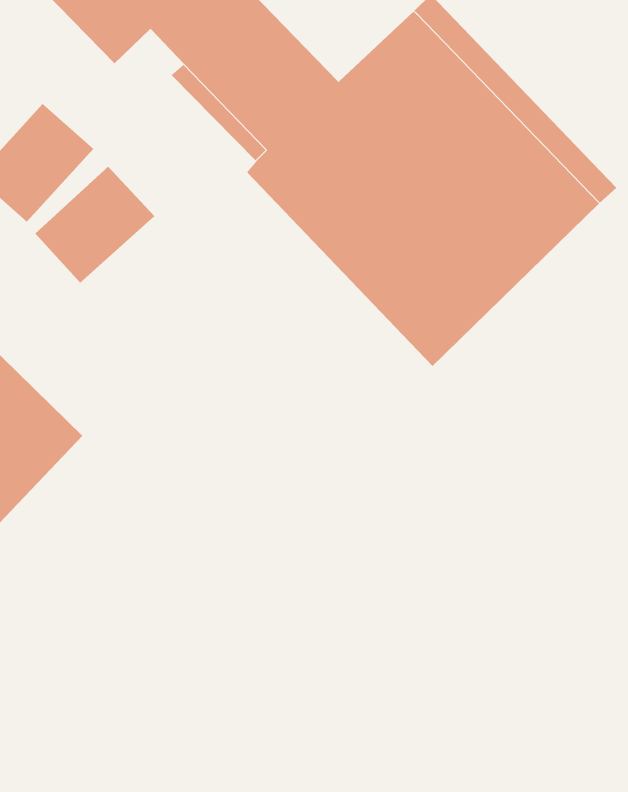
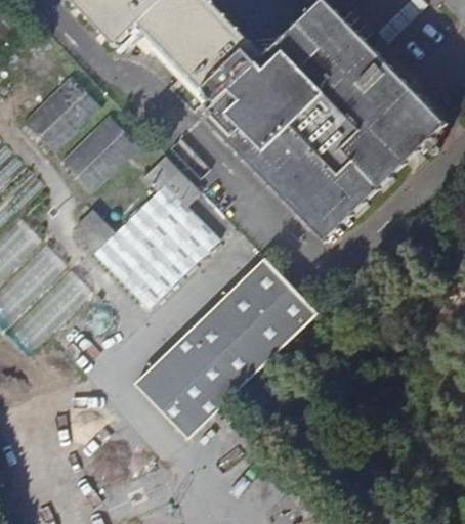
building: none -> [73,170,219,305]
building: none -> [136,258,319,437]

